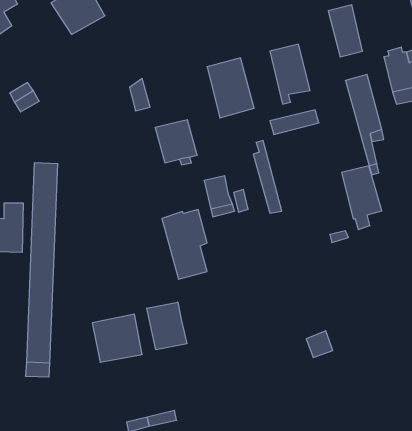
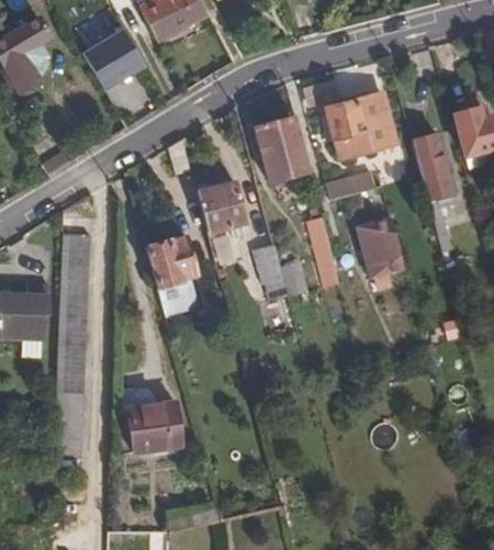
building: [328,5,363,57] -> [359,92,397,150]
building: [342,166,382,230] -> [360,218,405,290]
building: [162,210,207,279] -> [147,236,198,314]
building: [147,302,187,350] -> none

